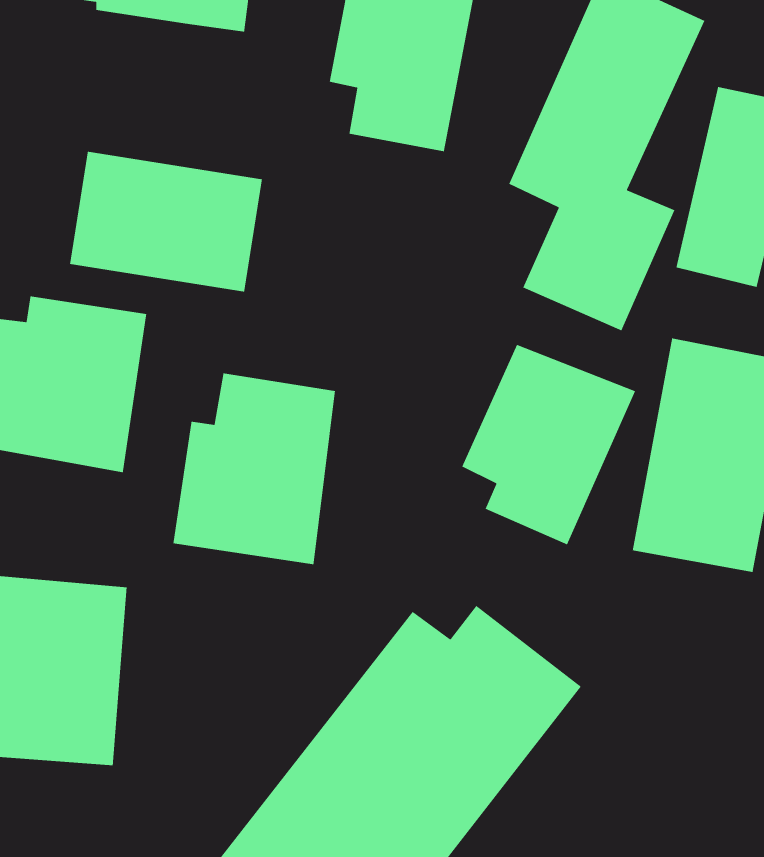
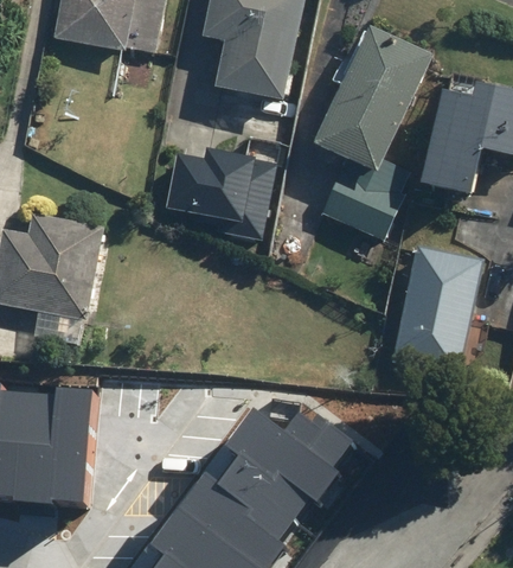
building: [69,151,263,293] -> [173,143,288,228]
building: [461,344,636,546] -> none
building: [173,372,336,565] -> none

